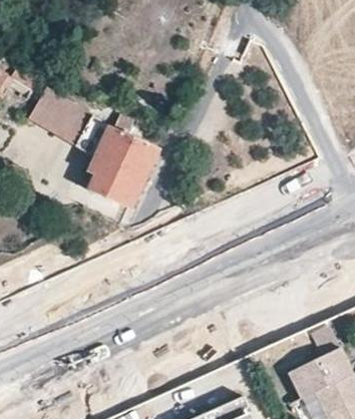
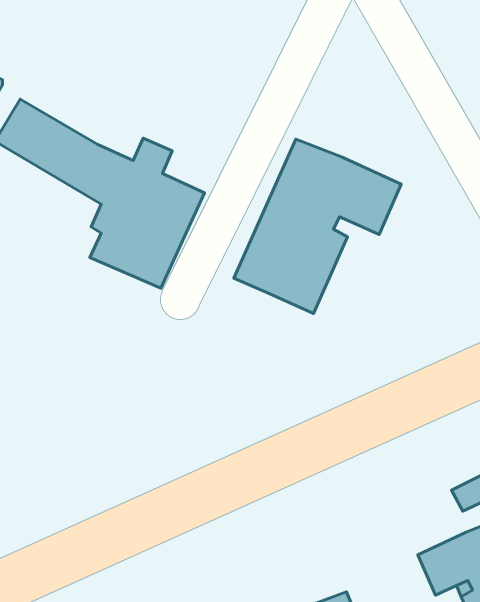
building: none -> [234,139,401,314]

